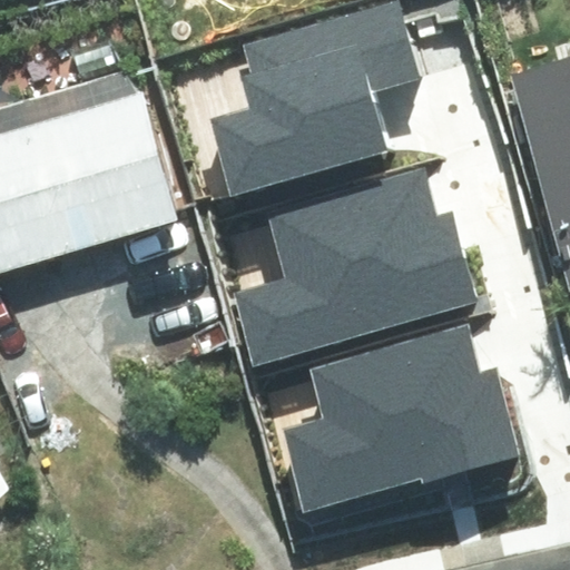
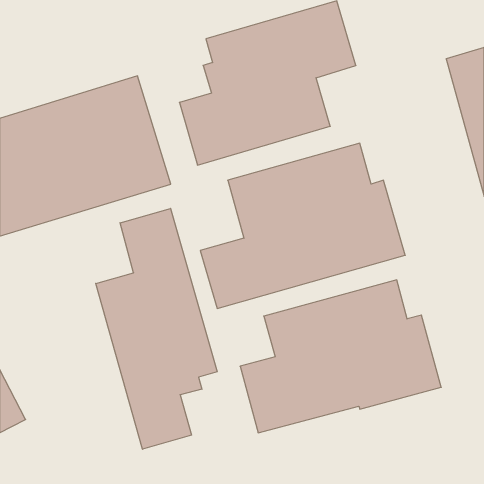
building: none -> [96,208,217,449]

